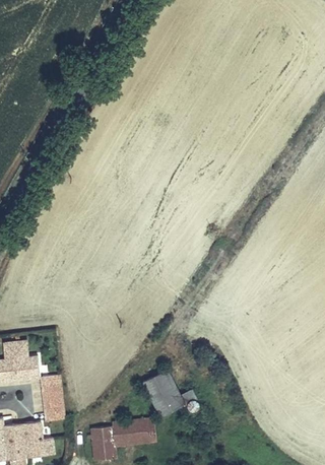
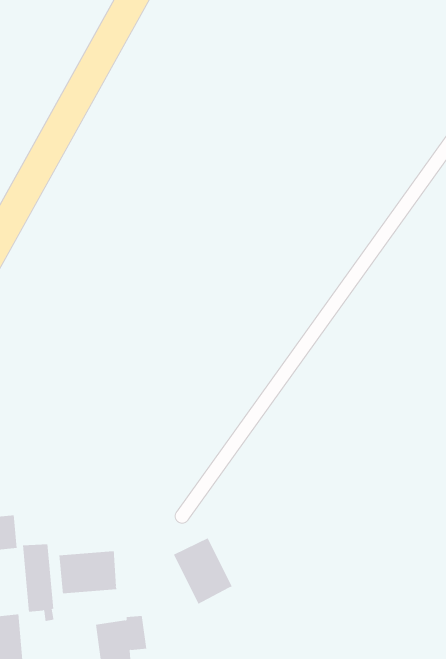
building: none -> [59,550,117,594]
building: [123,418,156,445] -> none

